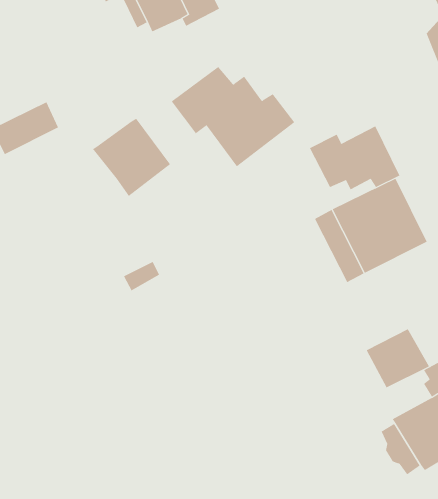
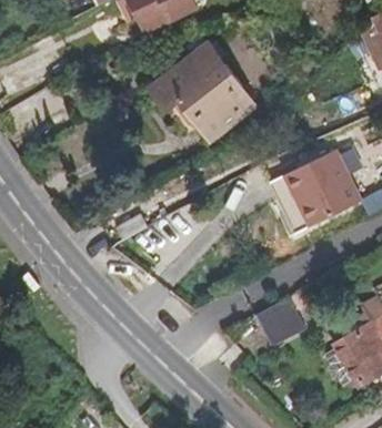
building: [92,118,171,197] -> none
building: [309,126,400,190] -> none
building: [366,328,430,388] -> [254,295,306,344]

